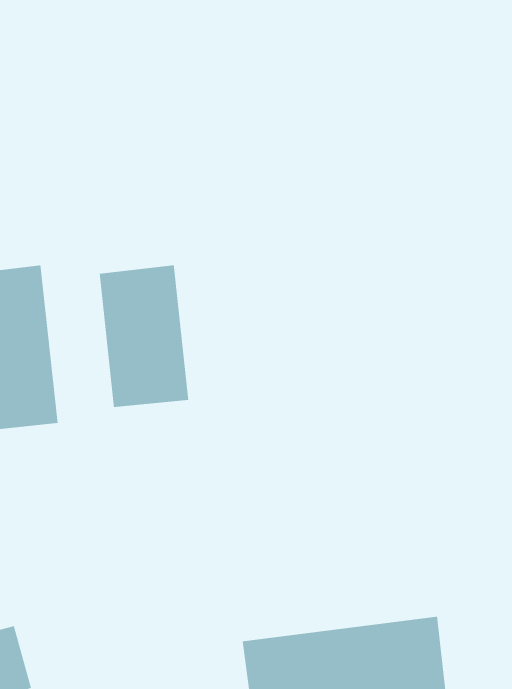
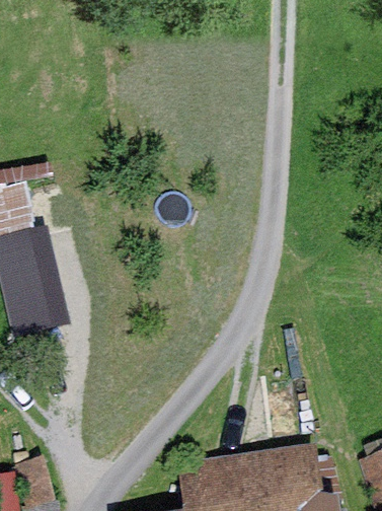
building: [99,265,189,408] -> none

